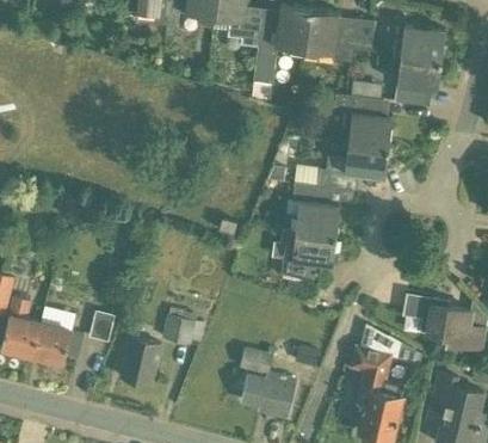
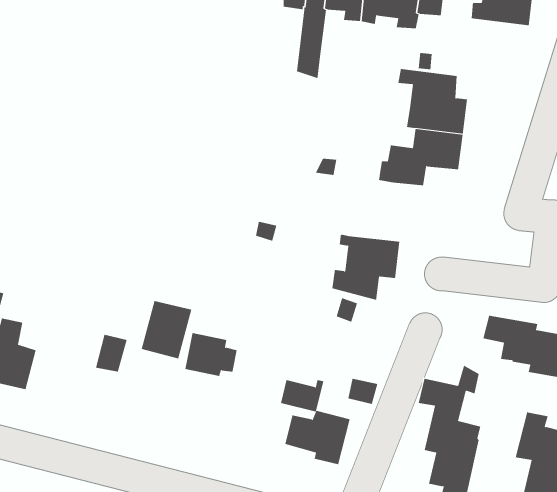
building: [393,54,441,105] -> none
building: [288,183,340,235] -> none
building: [32,324,84,364] -> none
building: [121,338,162,386] -> [141,301,192,359]

